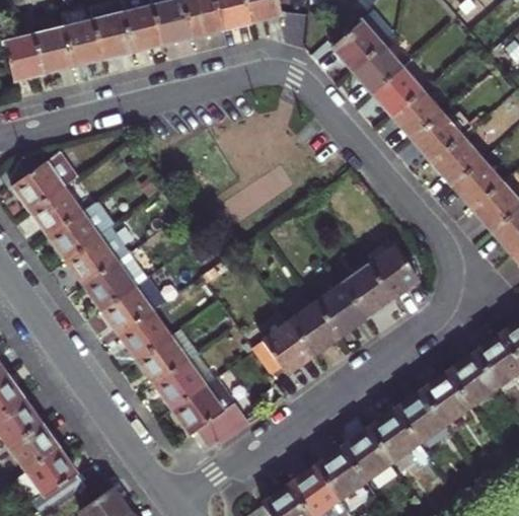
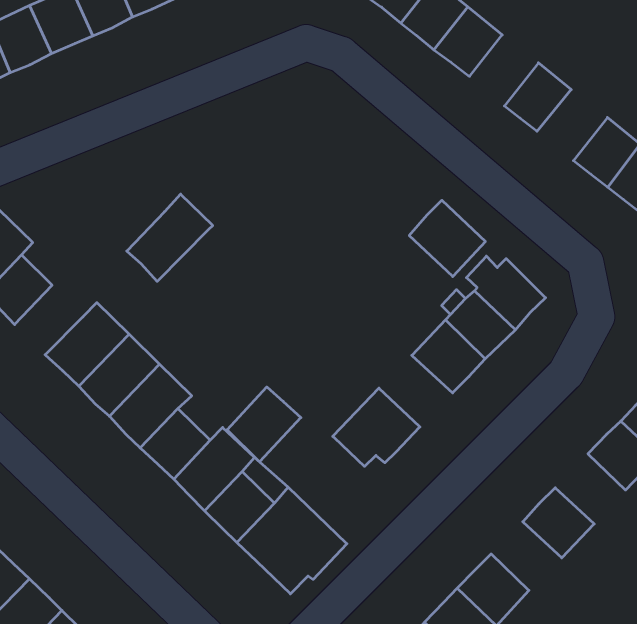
building: [392,94,441,143] -> none
building: [432,140,481,189] -> none
building: none -> [409,200,485,277]
building: [52,201,114,257] -> [127,194,213,281]
building: [293,302,343,352] -> none
building: none -> [227,387,301,462]
building: [401,390,449,439] -> none
building: [350,429,397,476] -> none

